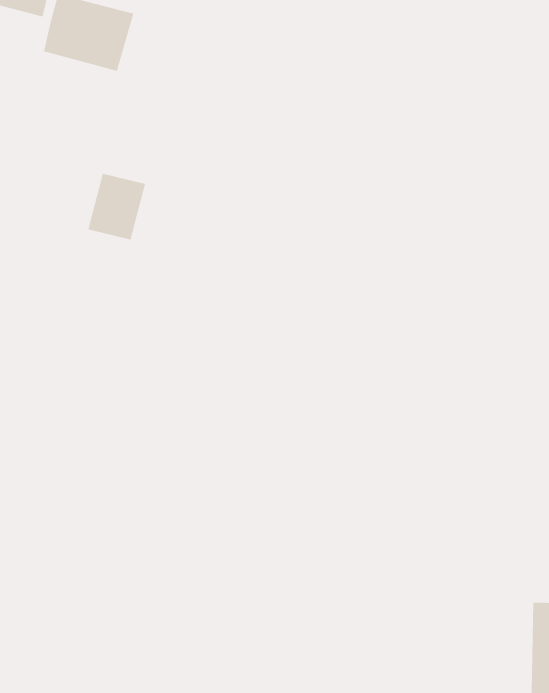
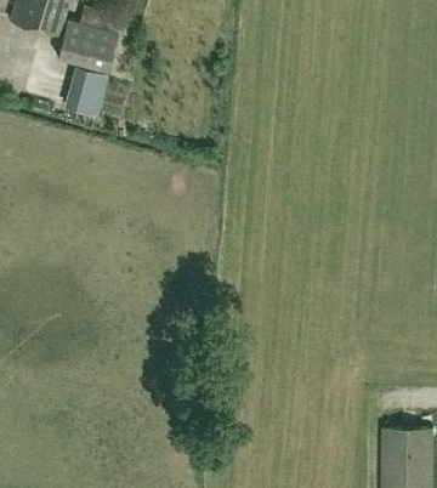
building: [88,173,146,240] -> [67,68,106,113]

